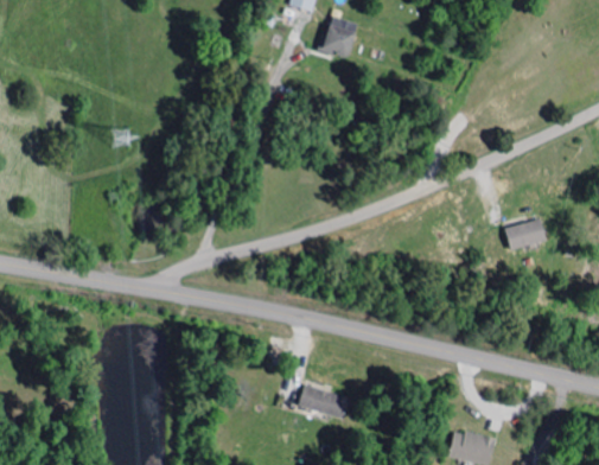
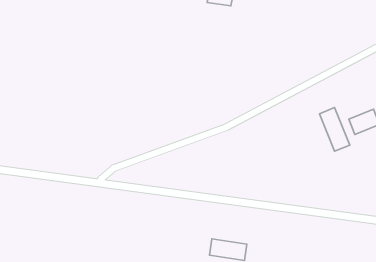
building: none -> [319,108,350,151]

